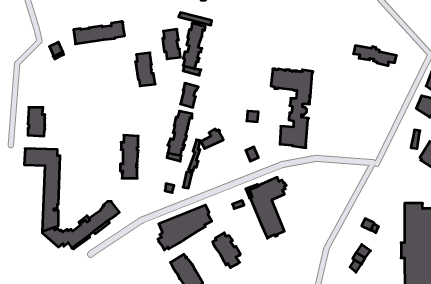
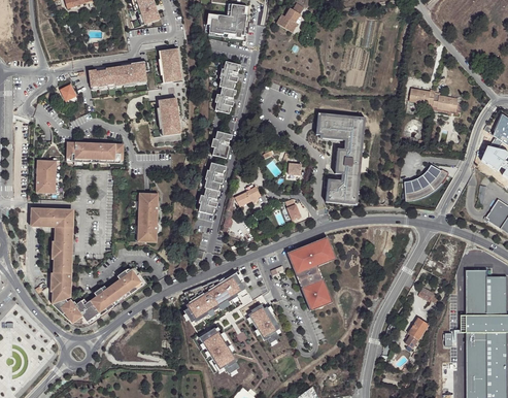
building: [163,29,180,59] -> [161,48,181,82]
building: none -> [69,141,126,162]
building: none -> [404,166,448,202]

